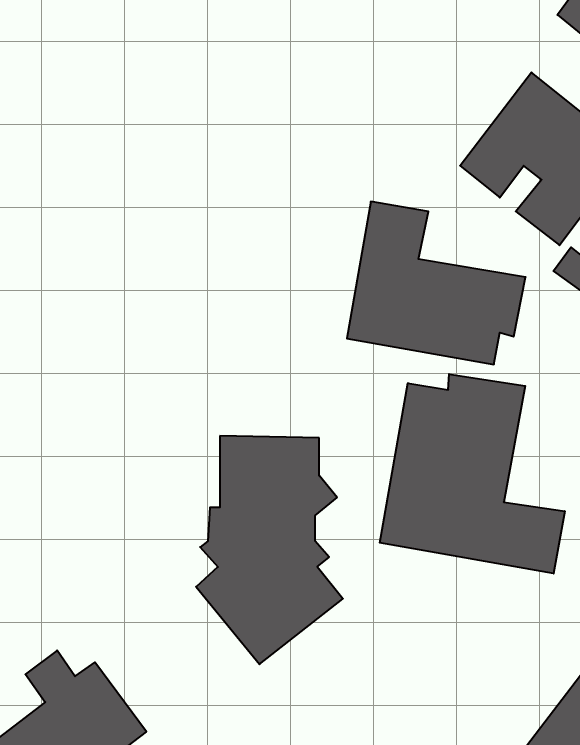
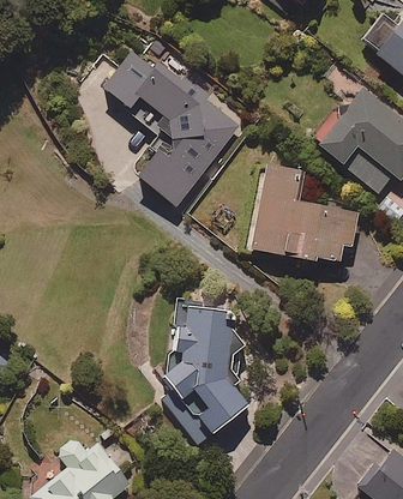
building: none -> [103,49,240,206]
building: [380,374,565,574] -> none

